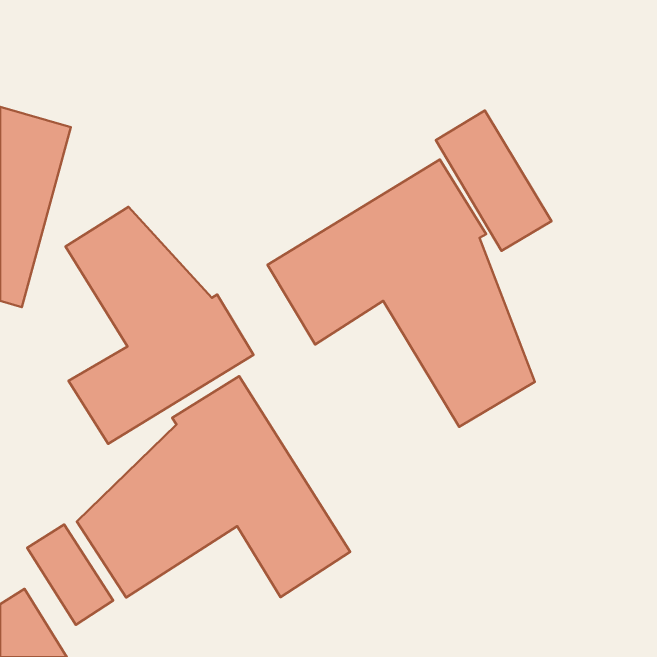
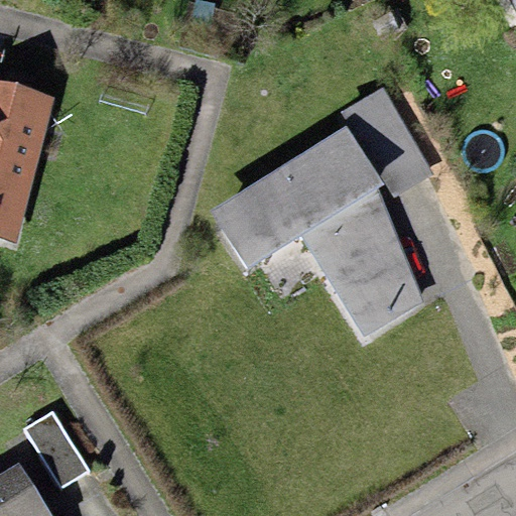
building: [65,207,254,444] -> none
building: [77,376,350,598] -> none

